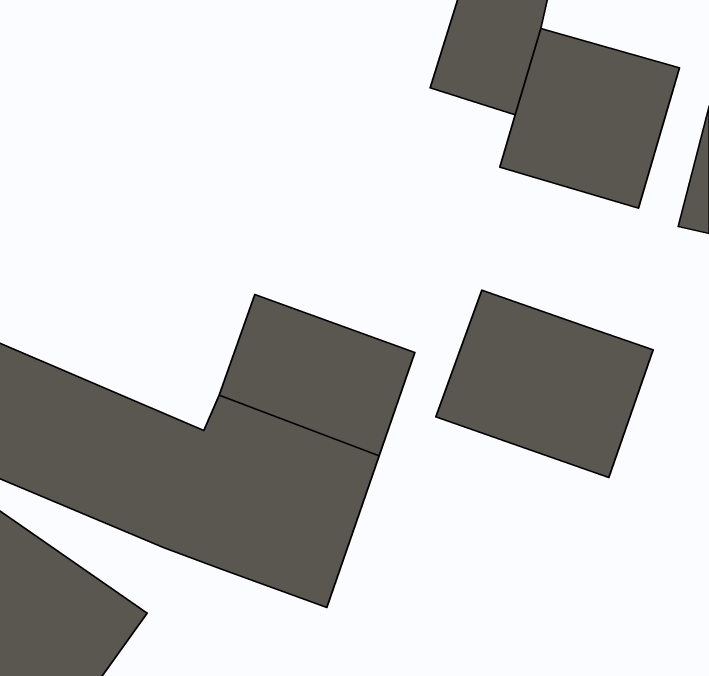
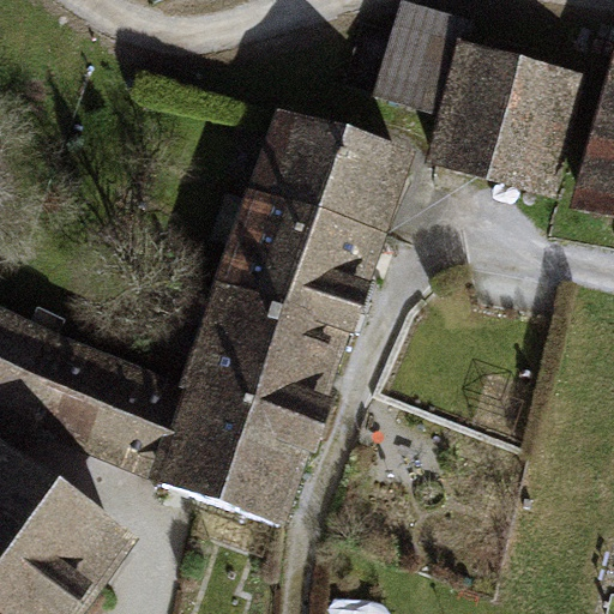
building: none -> [222,109,414,317]
building: [436,290,653,477] -> none

